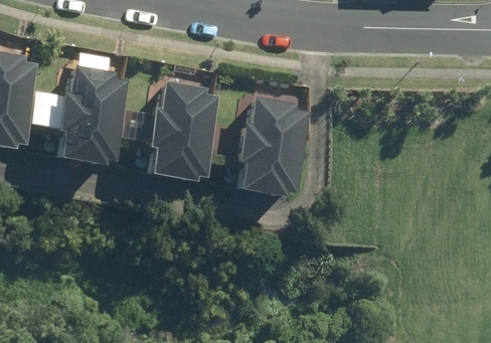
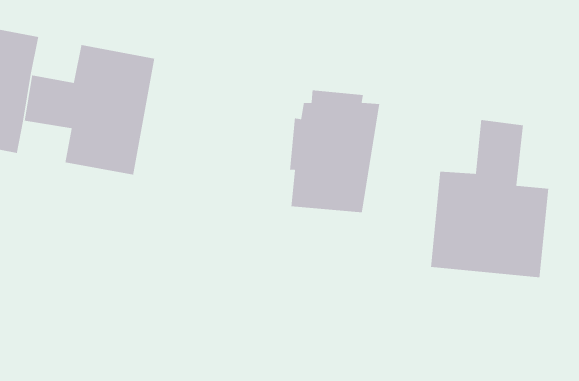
building: [147,78,220,180] -> none
building: none -> [430,119,549,278]

